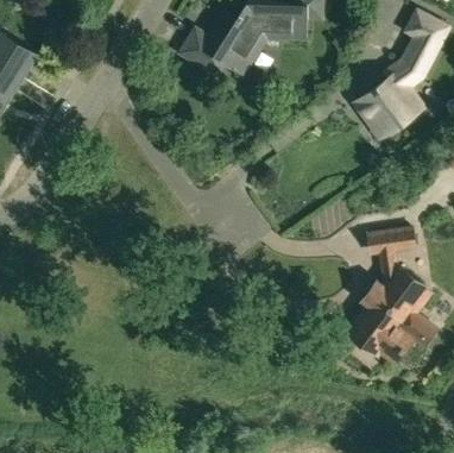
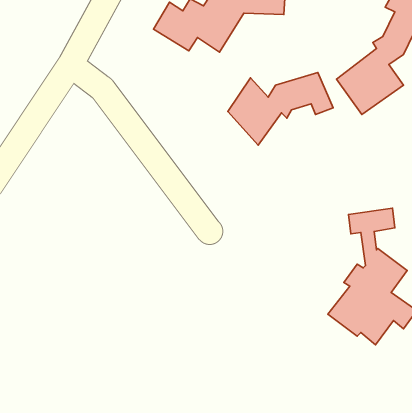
building: none -> [228,72,333,145]

